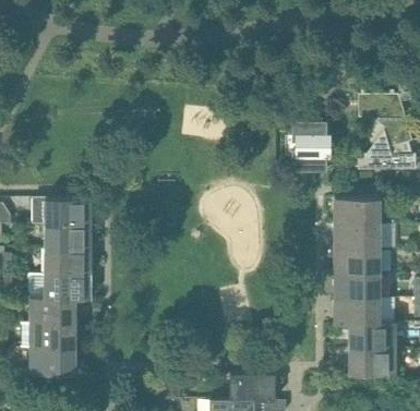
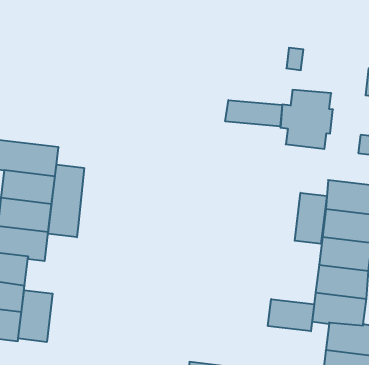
building: none -> [225,100,282,126]
building: none -> [295,193,327,244]
building: none -> [48,165,84,237]
building: none -> [268,299,314,331]
building: none -> [18,290,53,342]

